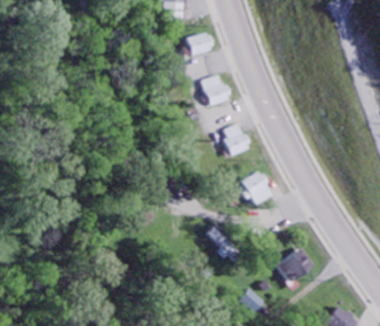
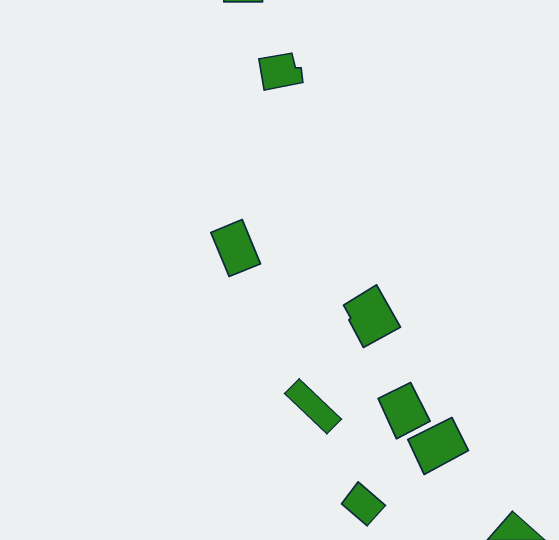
building: [200,73,230,106] -> none
building: [220,122,249,156] -> [211,220,261,277]
building: none -> [378,382,430,439]

